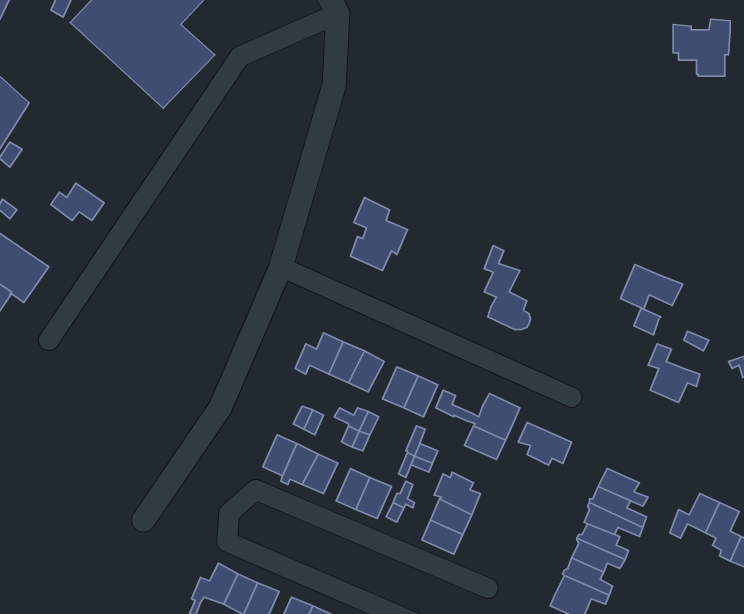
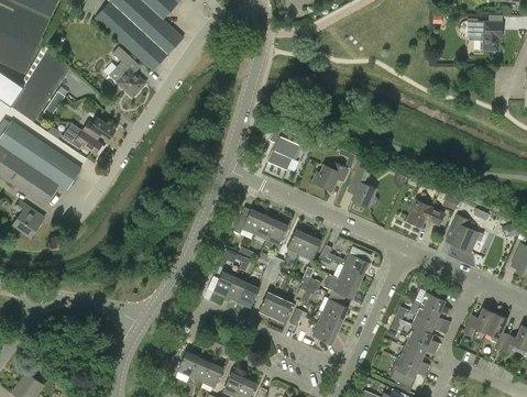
building: none -> [108,45,144,97]
building: none -> [62,123,102,154]
building: none -> [312,148,355,191]
building: [621,265,683,309] -> [407,200,446,228]
building: [518,422,572,465] -> [325,275,358,301]

